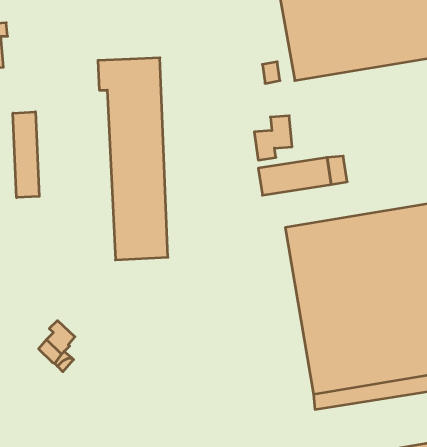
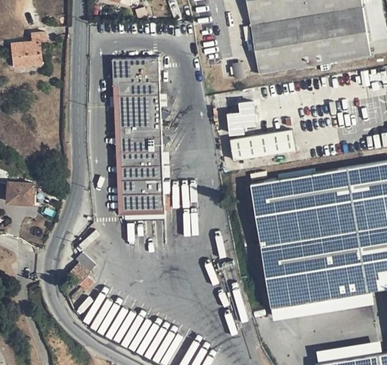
building: [13,112,39,198] -> none

